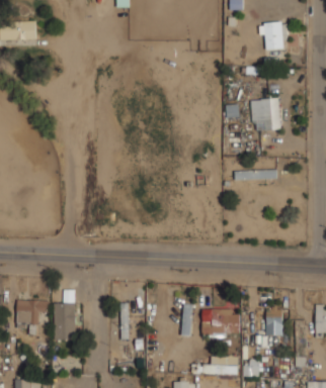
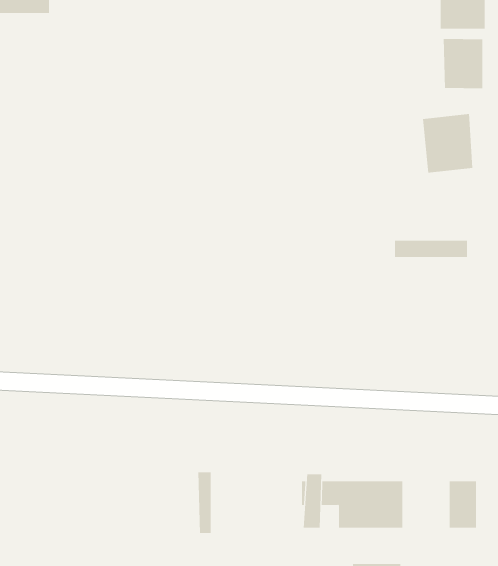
building: none -> [443,38,483,89]
building: [54,291,74,341] -> none
building: [16,300,48,330] -> none

